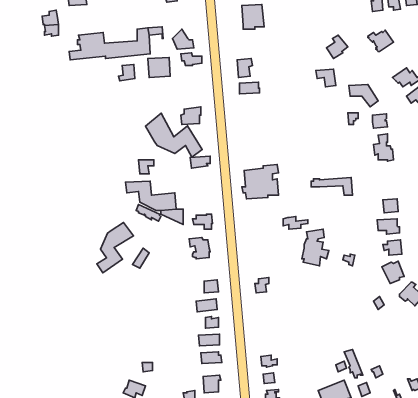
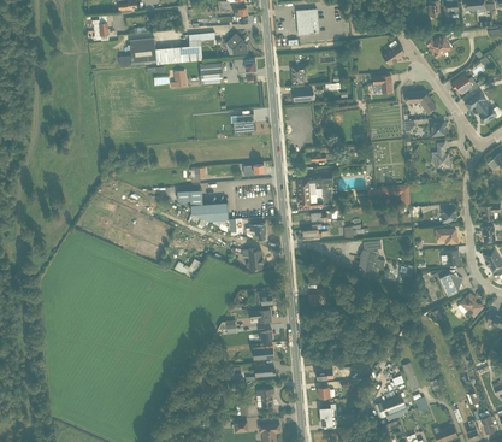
building: [146,113,202,157] -> none
building: [97,222,133,273] -> none

